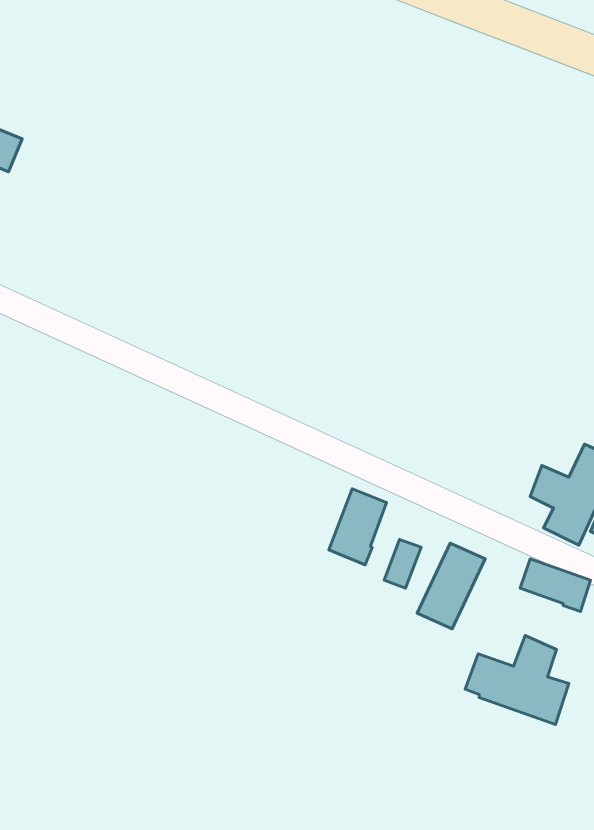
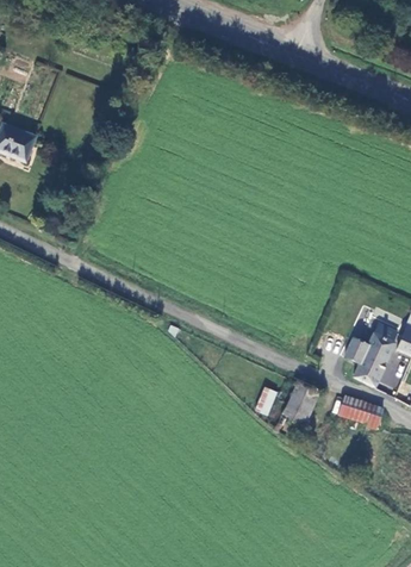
building: [329,489,387,565] -> none
building: [465,636,569,725] -> none

